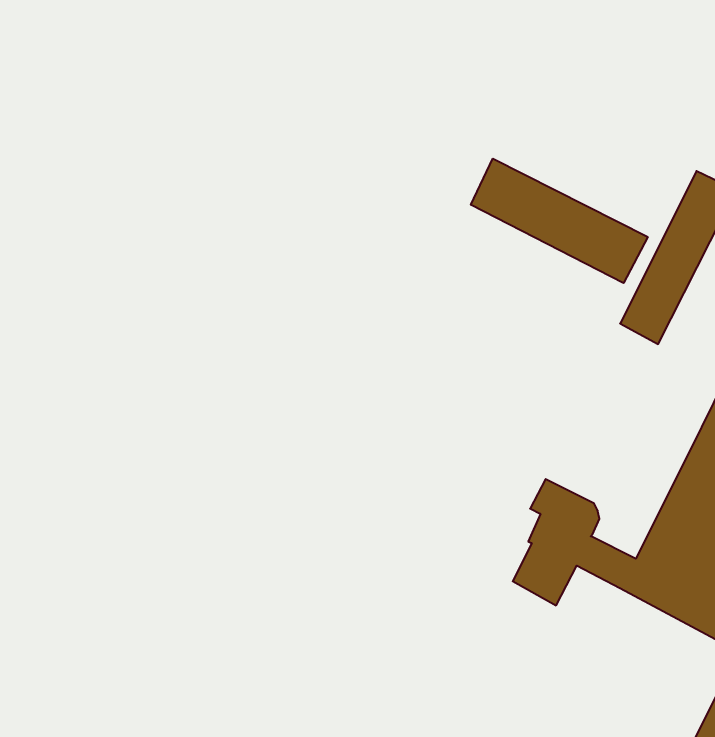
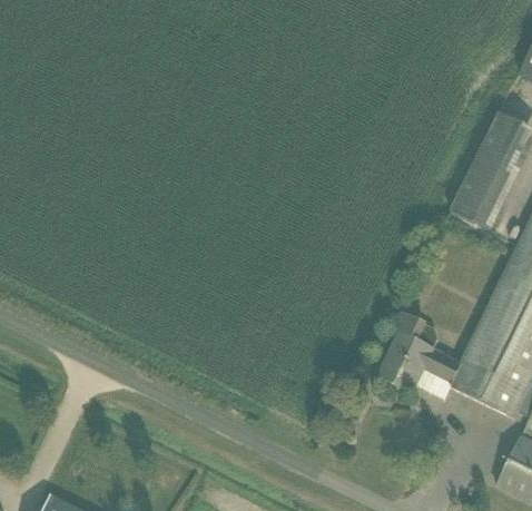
building: [471,159,648,283] -> none

